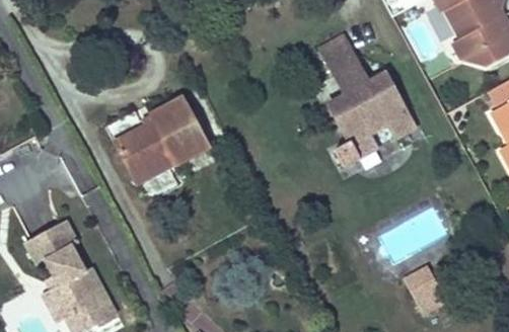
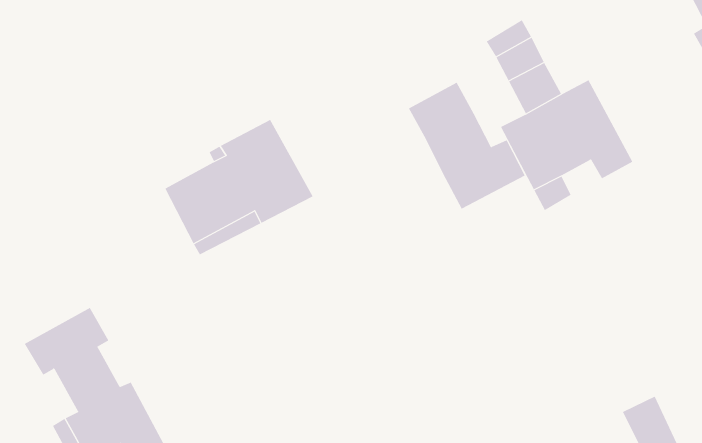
building: none -> [408,82,526,210]

